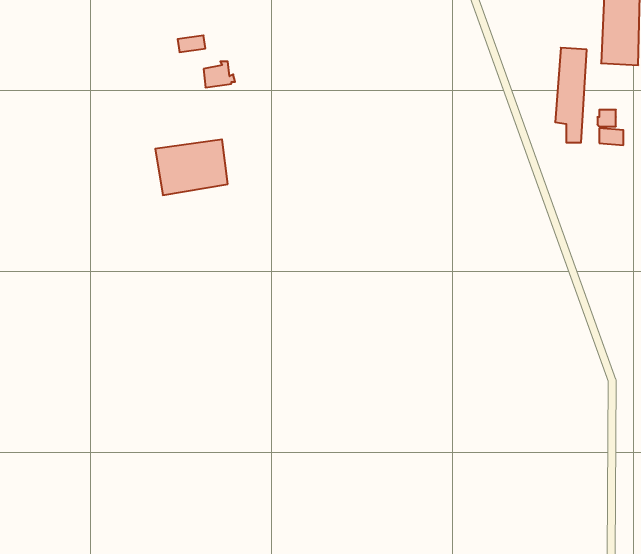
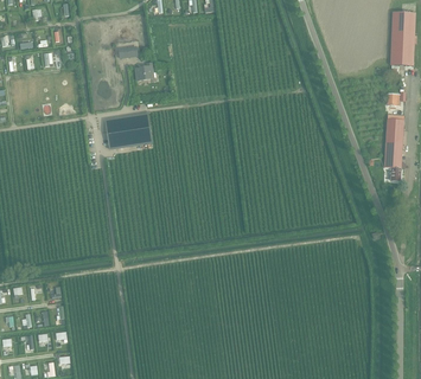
building: [555,48,587,143] -> [383,118,403,179]

